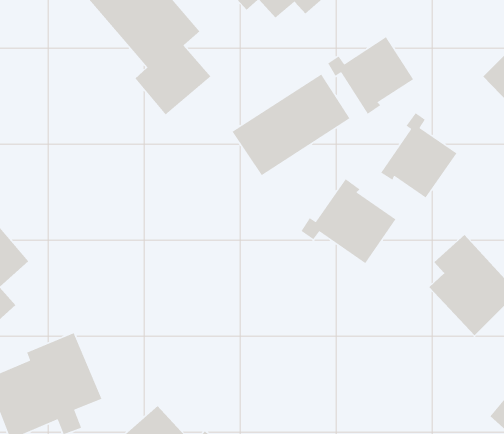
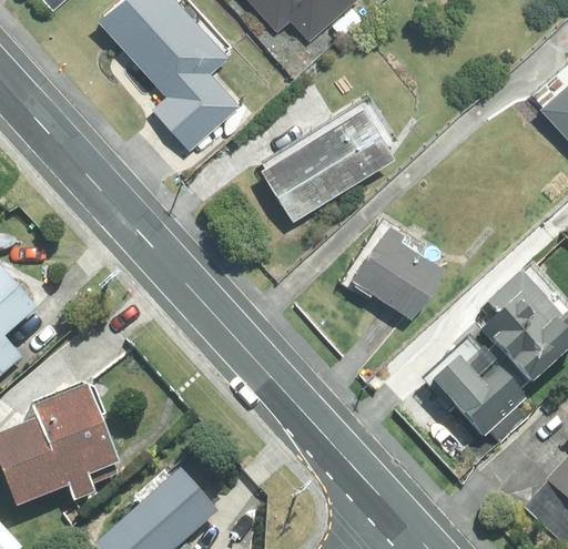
building: [327,36,414,115] -> none
building: [380,112,458,199] -> none
building: none -> [430,340,528,438]

